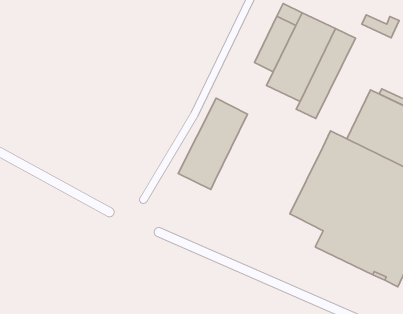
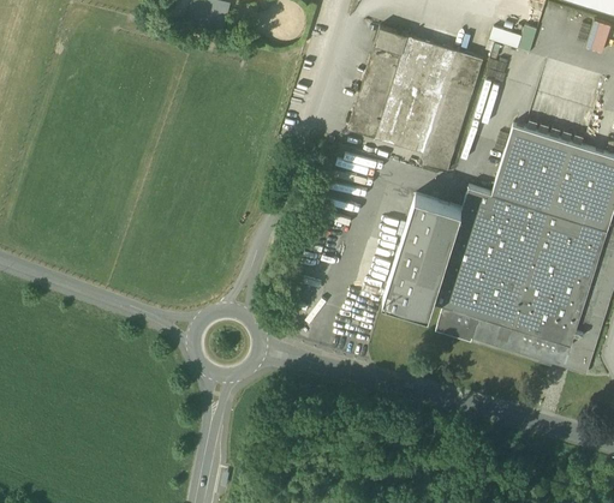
building: none -> [350,112,382,139]
building: [178,98,248,189] -> [382,194,461,315]
building: none -> [435,306,478,343]

